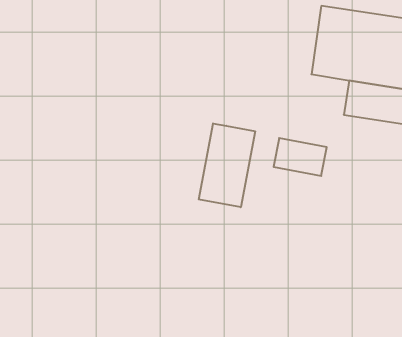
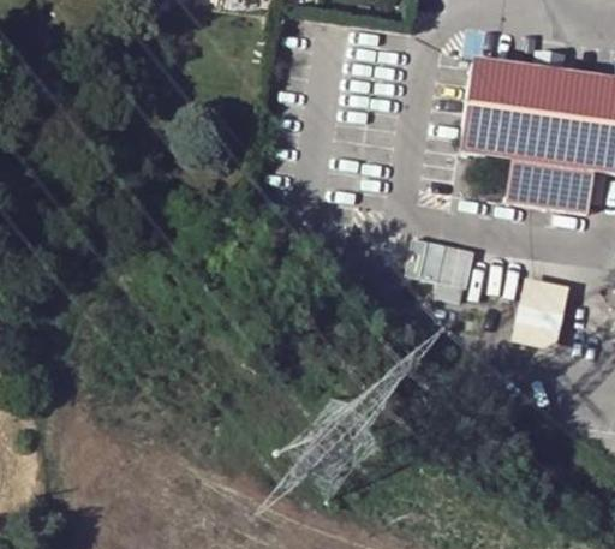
building: [199,123,255,207] -> none
building: none -> [514,273,572,347]

